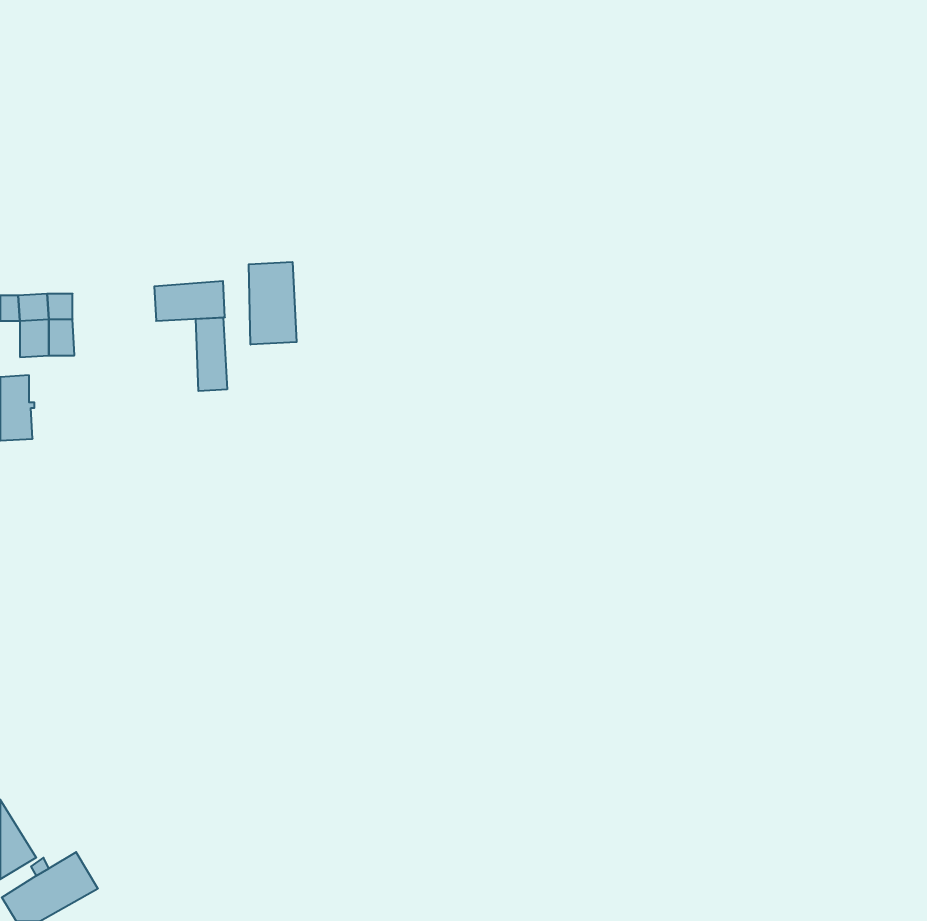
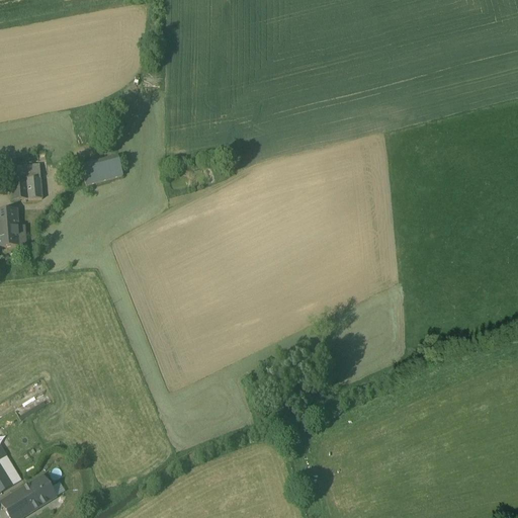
building: [249,262,297,345] -> none
building: [196,317,227,391] -> none

